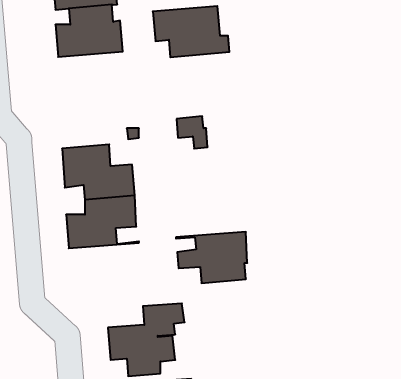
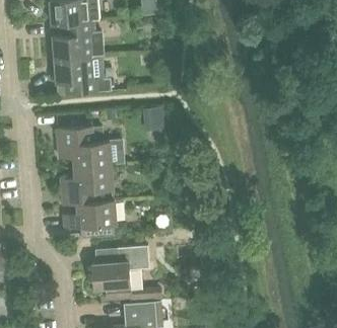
building: [153,6,229,57] -> [54,56,112,94]
building: [176,232,247,283] -> [62,199,116,238]

